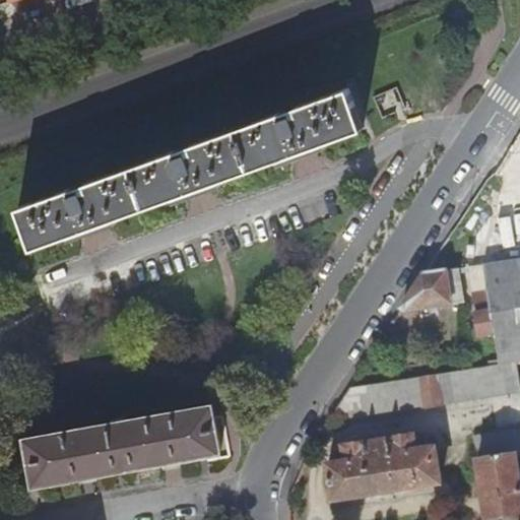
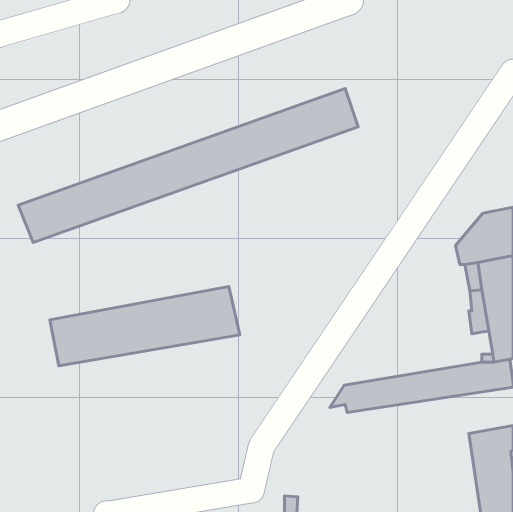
building: [399,271,463,314] -> none
building: [28,405,220,485] -> [50,287,240,366]
building: [327,440,441,505] -> none

